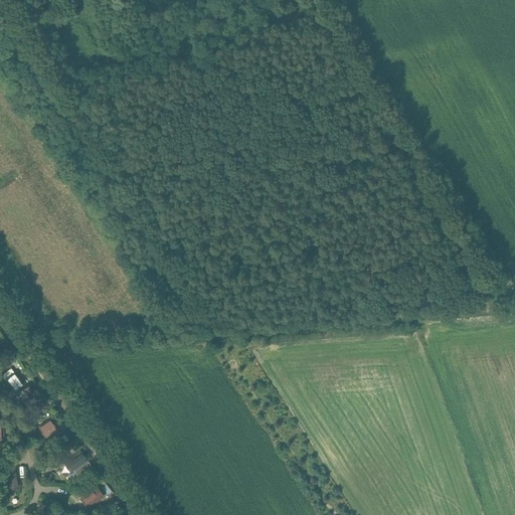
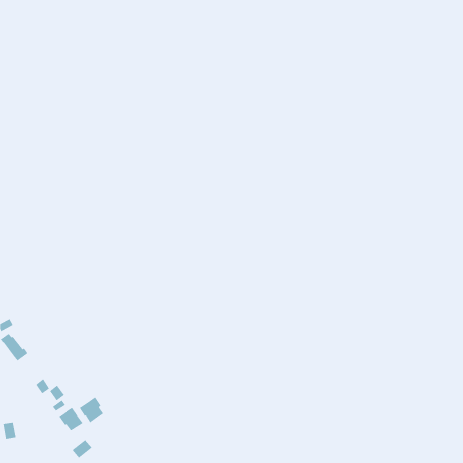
building: none -> [79,397,104,423]

